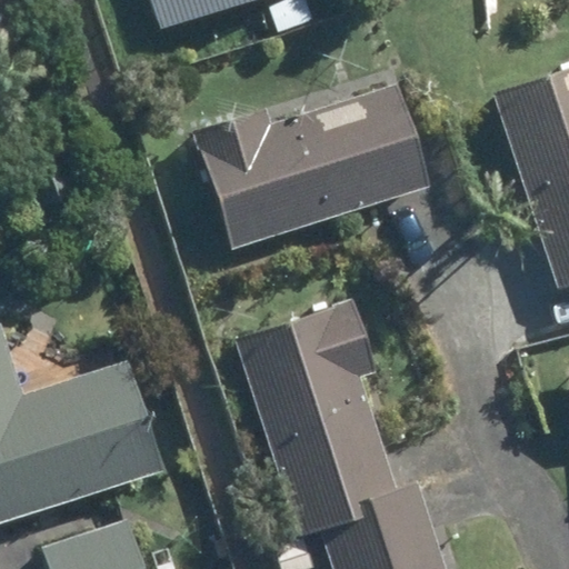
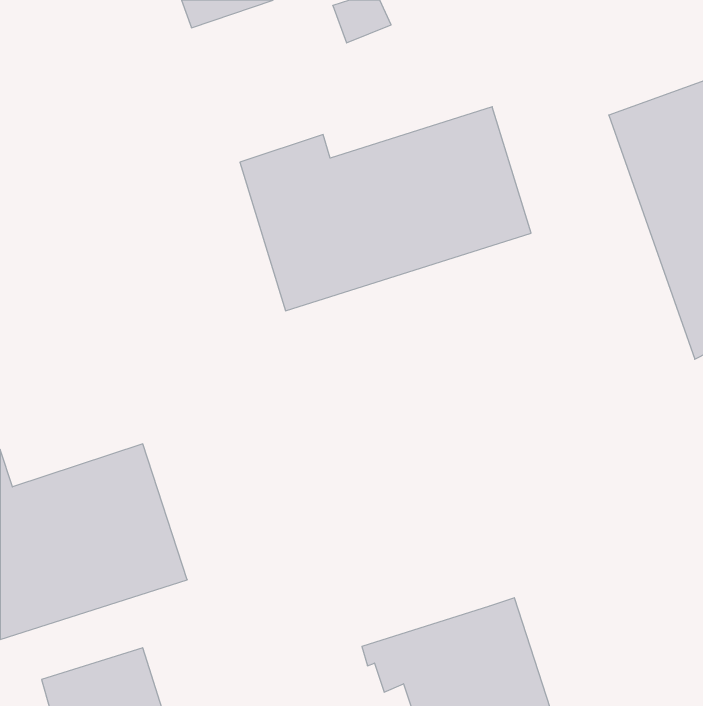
building: [237,302,397,520] -> none

